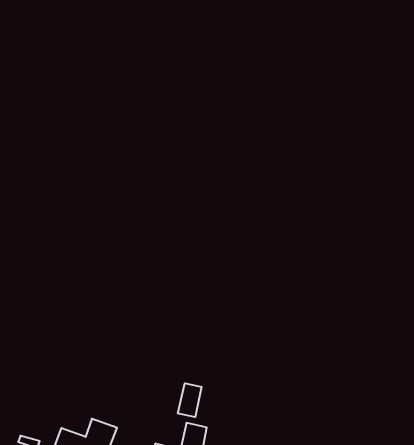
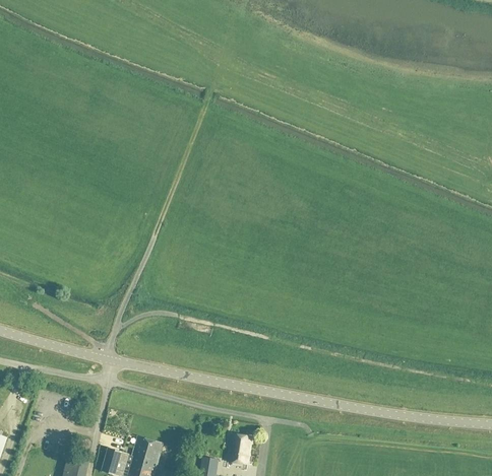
building: [178,383,201,417] -> none

